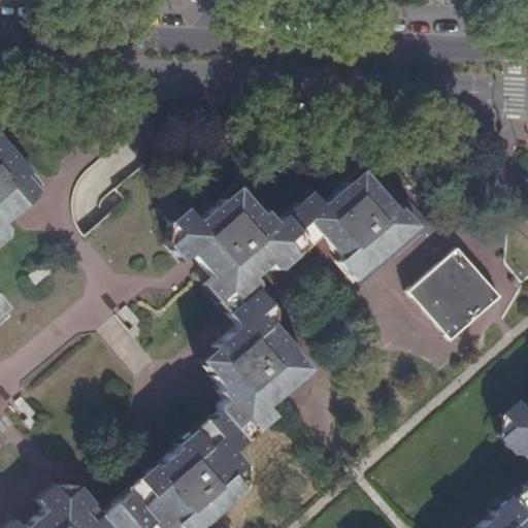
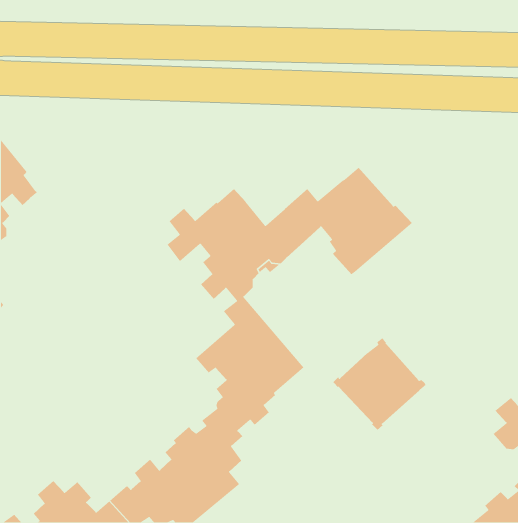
building: [407,246,502,340] -> [332,337,426,430]

